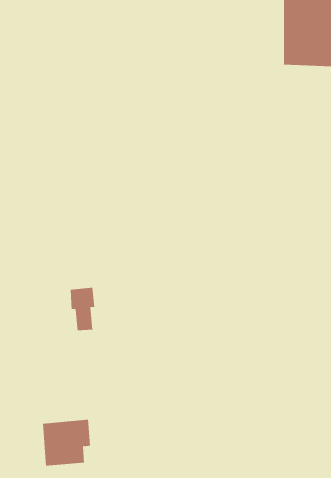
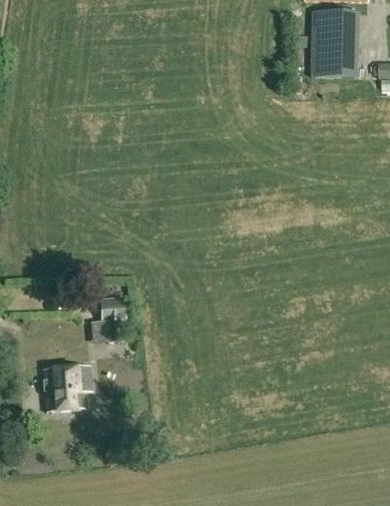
building: [42,419,91,466] -> [43,364,91,410]

